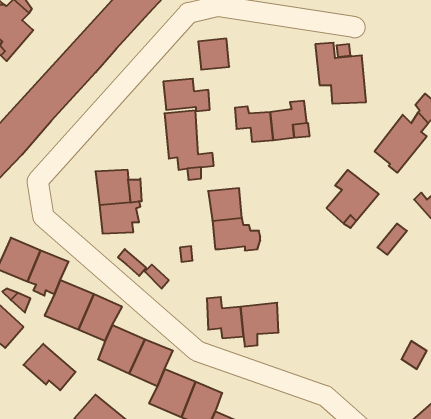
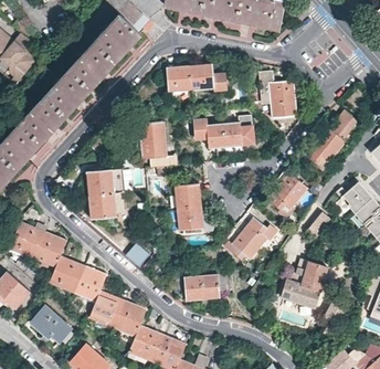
building: [163,79,210,111] -> [189,64,225,89]
building: none -> [224,215,278,260]
building: none -> [282,259,329,308]

